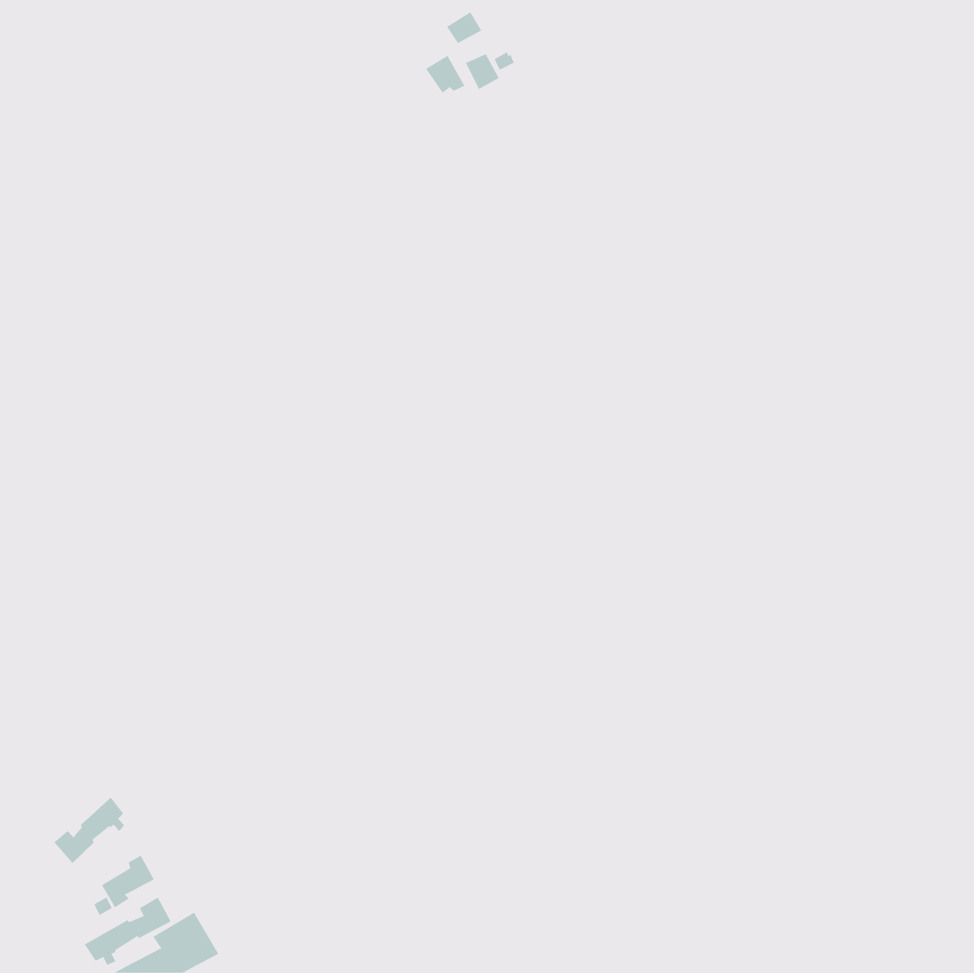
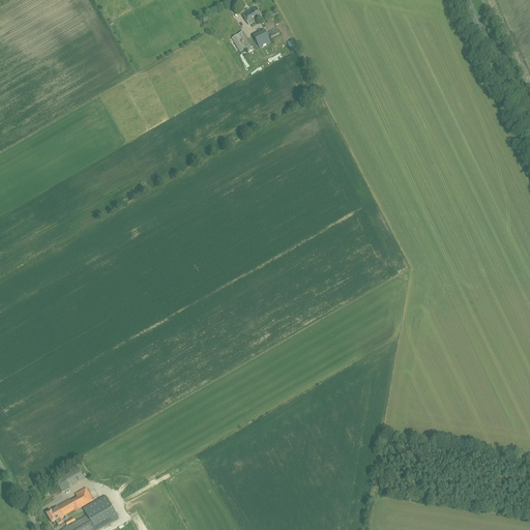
building: [54,797,125,864] -> none

